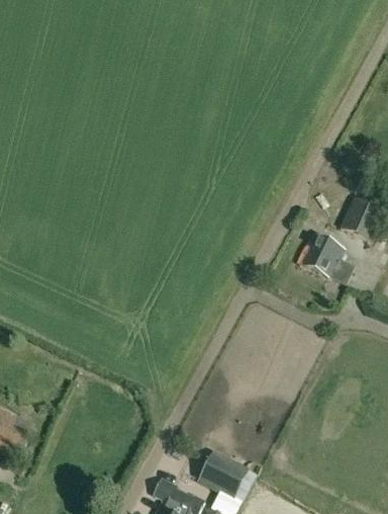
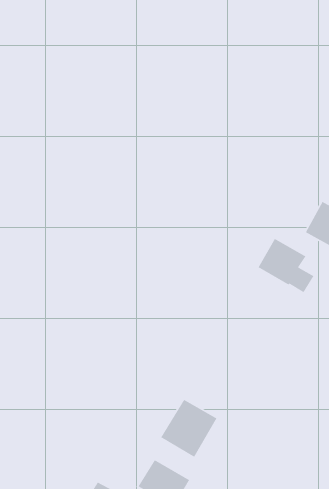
building: none -> [160,399,217,458]

